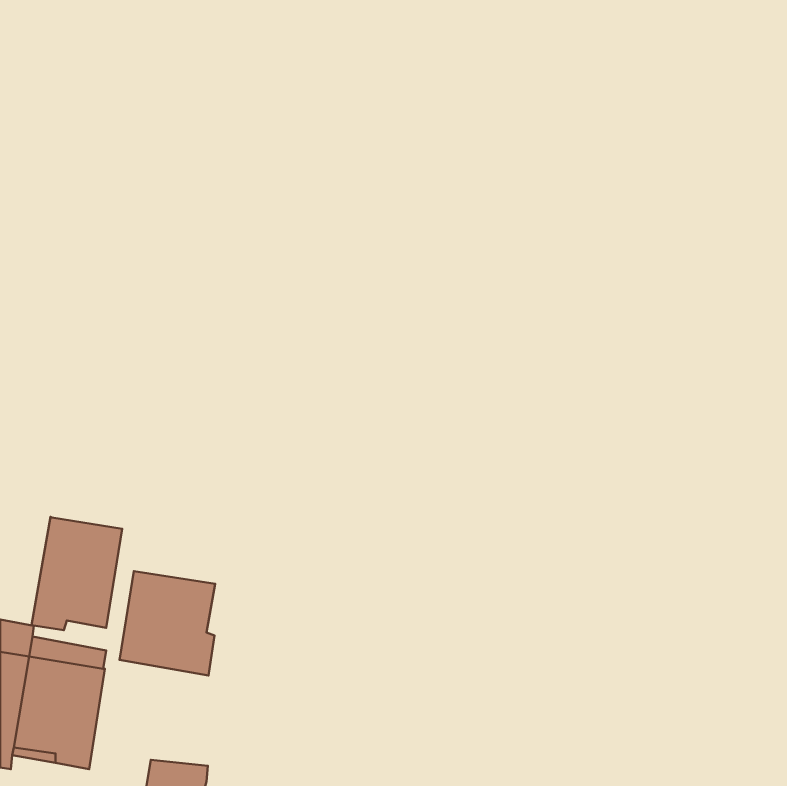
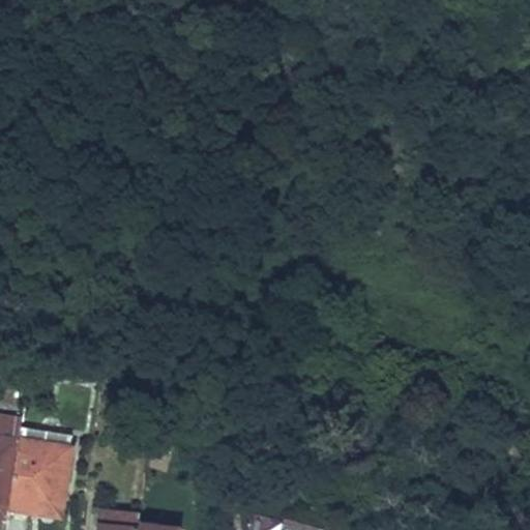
building: [32,517,122,630] -> none
building: [119,571,215,675] -> none

